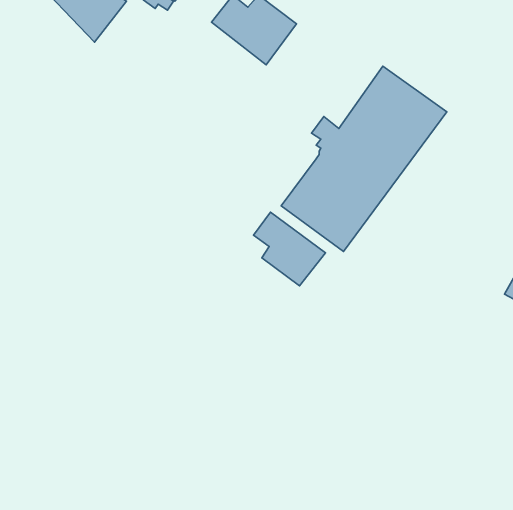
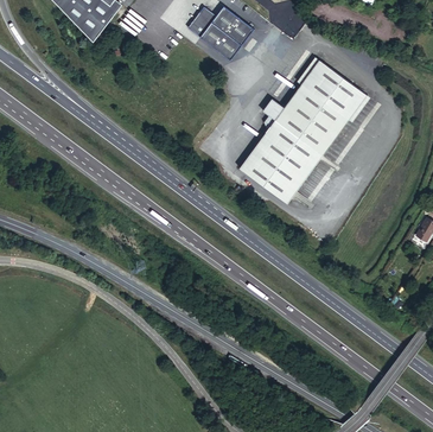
building: [253,212,325,286] -> none

